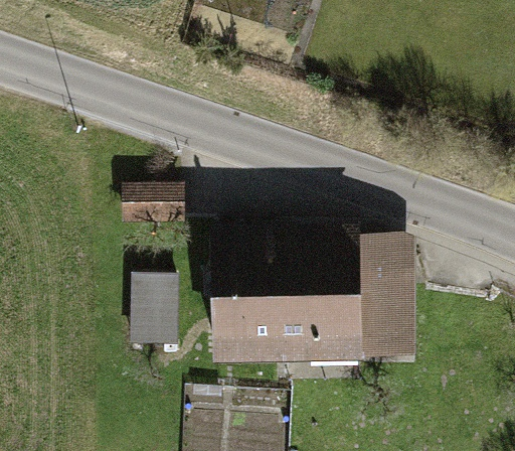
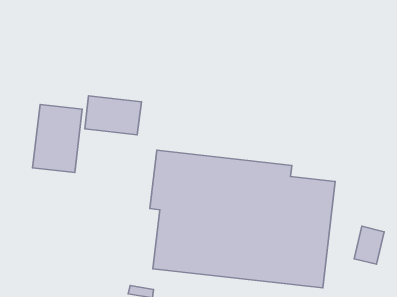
building: [125,270,176,346] -> [33,105,82,173]

